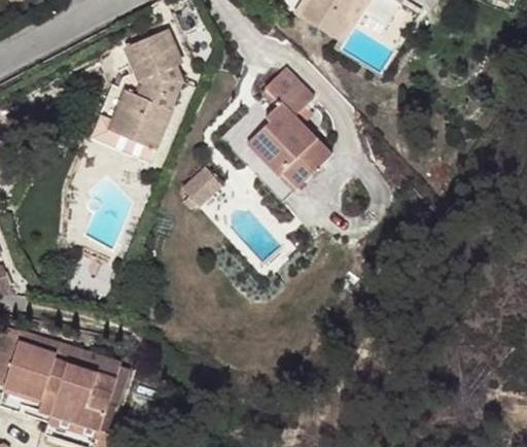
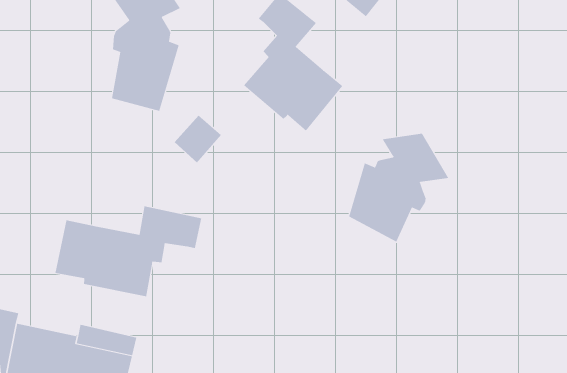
building: [103,94,135,139] -> none
building: none -> [348,133,449,242]
building: none -> [55,206,202,297]

